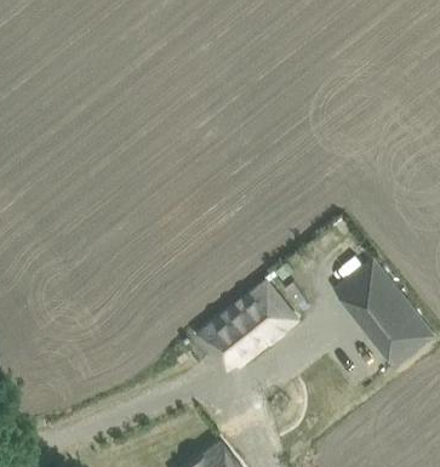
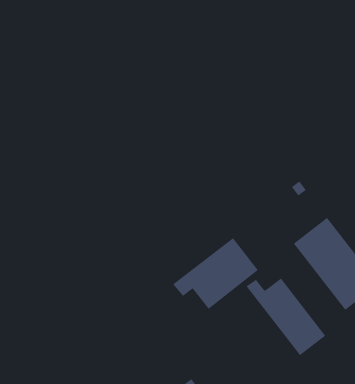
building: none -> [245,277,326,356]

